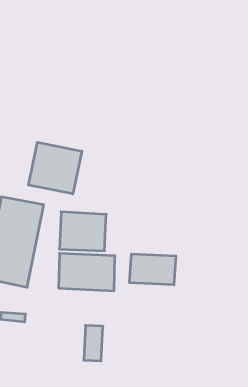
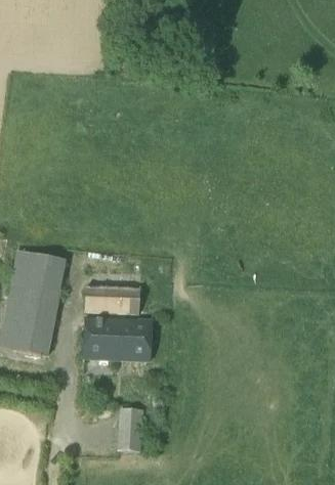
building: [28,142,82,194] -> none
building: [130,254,176,285] -> none

